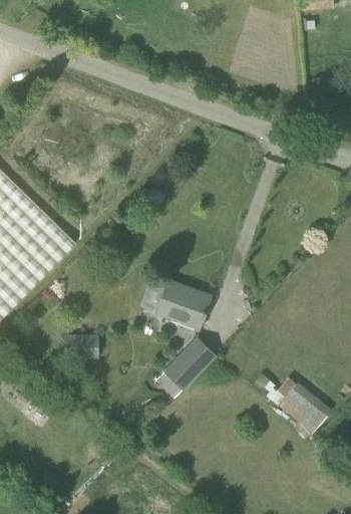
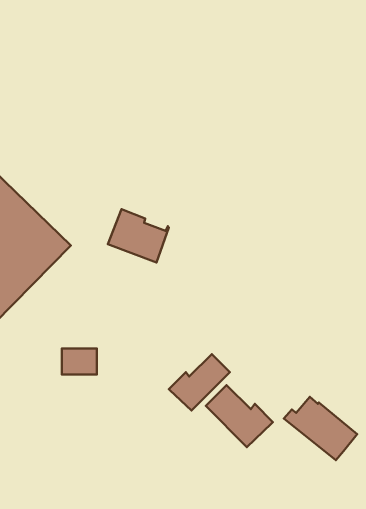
building: [155,280,210,327] -> [108,209,169,262]
building: none -> [206,385,273,447]

